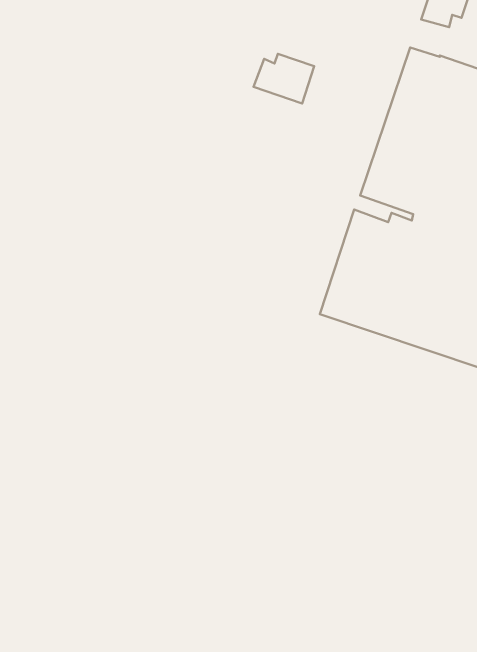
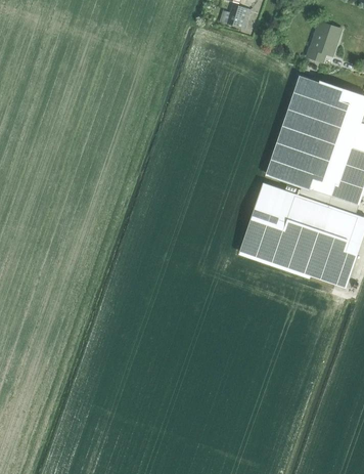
building: [253,54,314,103] -> none

